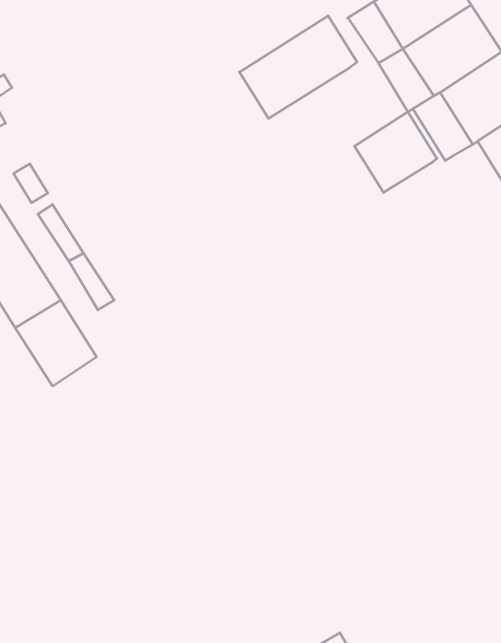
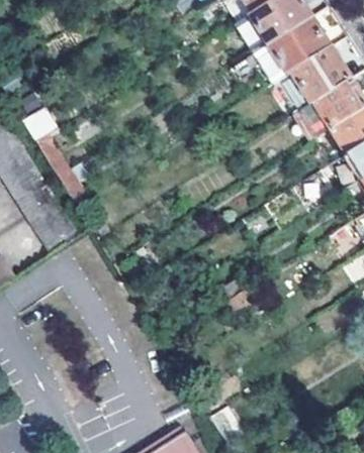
building: [239,16,357,118] -> none
building: [355,112,437,193] -> none

